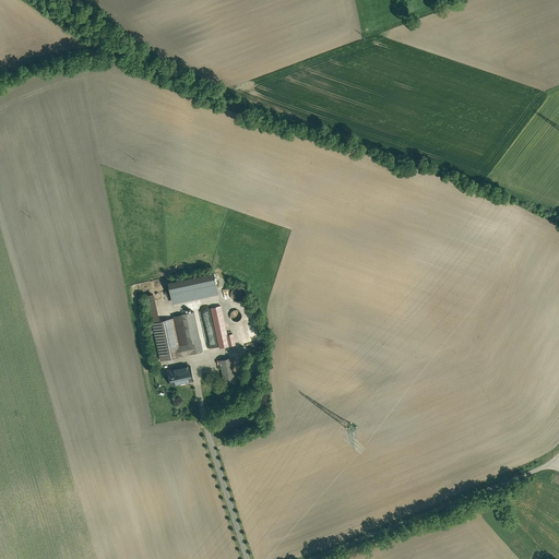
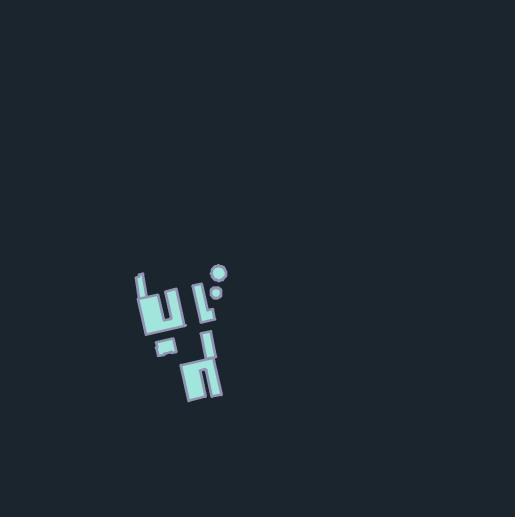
building: [168,273,218,304] -> none
building: none -> [181,358,221,401]

